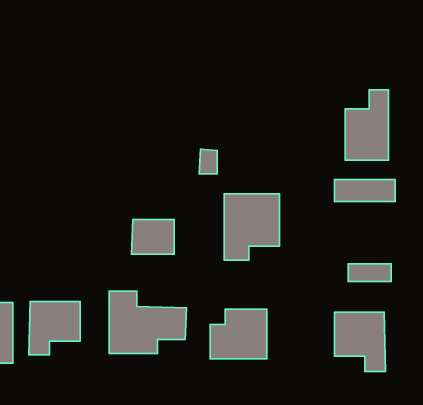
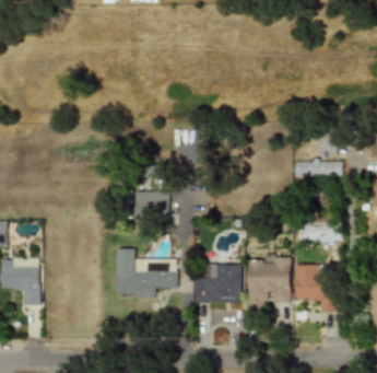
building: [345,90,388,160] -> none
building: [224,194,279,260] -> [248,257,292,310]
building: [29,301,80,355] -> none

